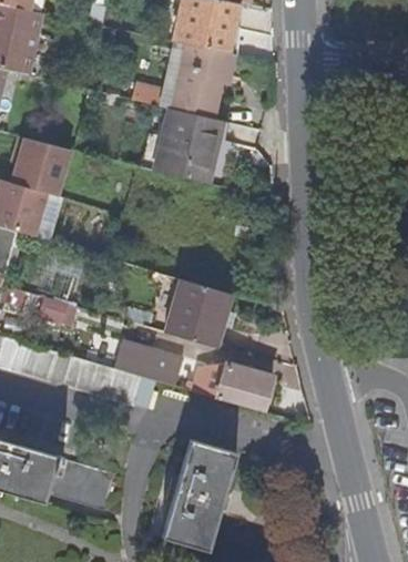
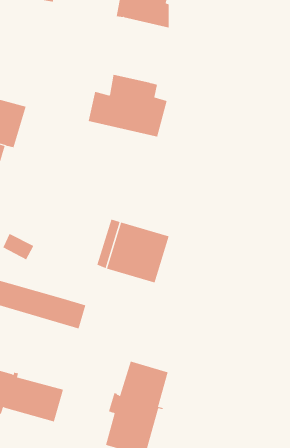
building: [131,44,236,120] -> none
building: [114,343,183,387] -> none
building: [202,364,274,409] -> none

